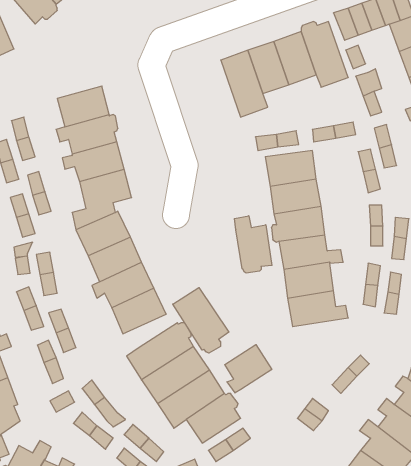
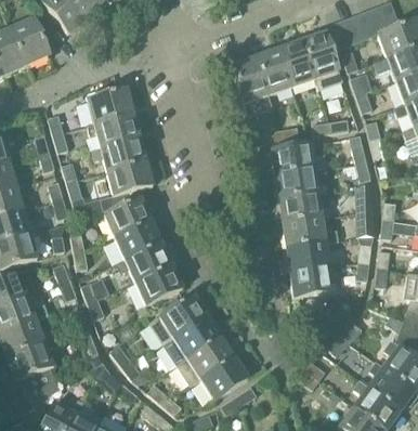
building: [234,216,272,273] -> none
building: [173,288,229,353] -> none
building: [225,345,272,393] -> none

